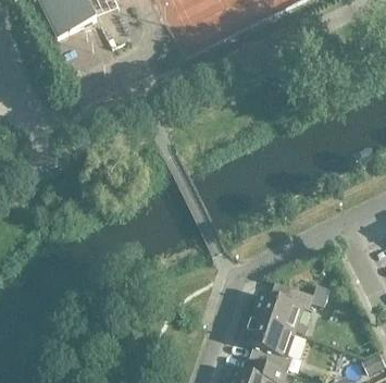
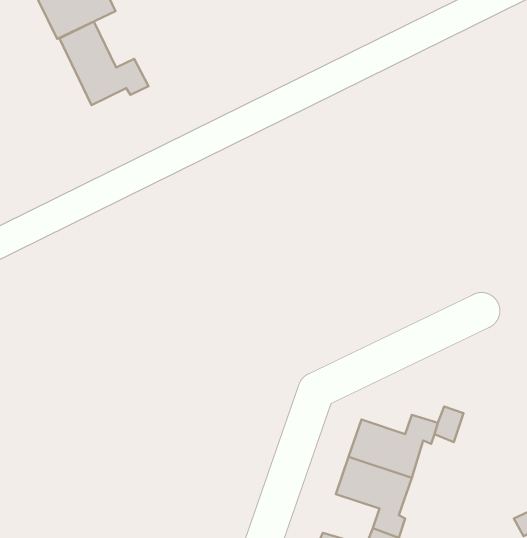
building: none -> [60,21,148,105]

